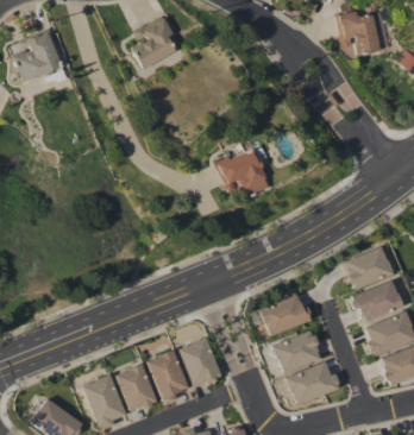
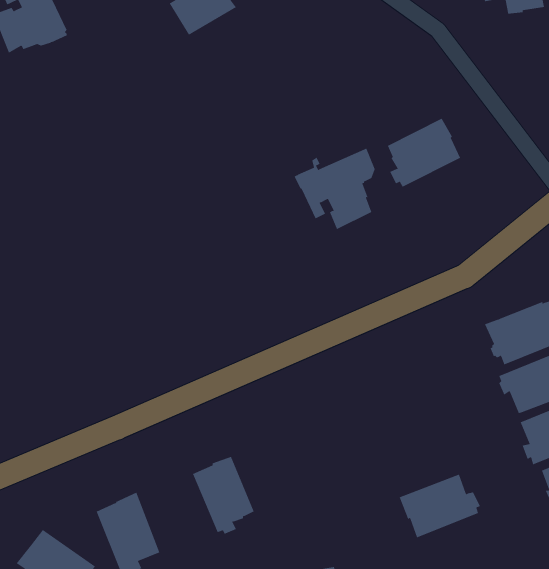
building: none -> [387,118,461,188]
building: [258,294,310,335] -> none
building: [271,329,321,373] -> none
building: [177,336,221,387] -> none
building: [115,362,156,410] -> none

